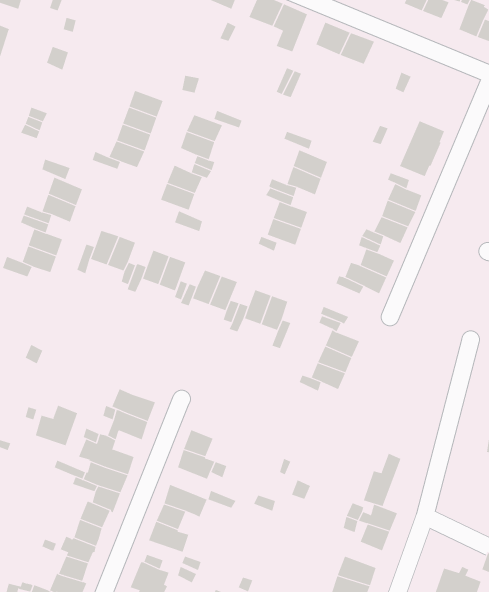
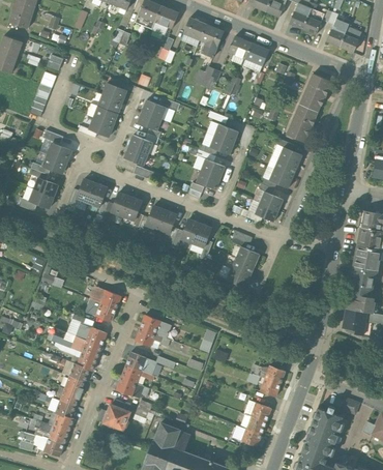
building: none -> [300,72,330,111]
building: [35,405,78,446] -> none
building: [363,453,401,507] -> none

